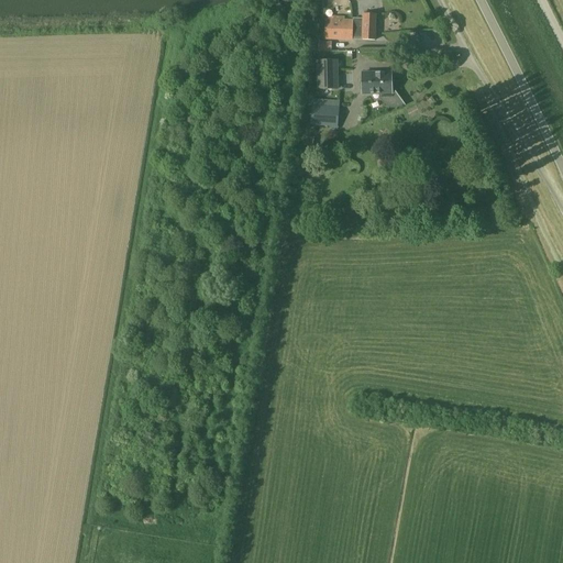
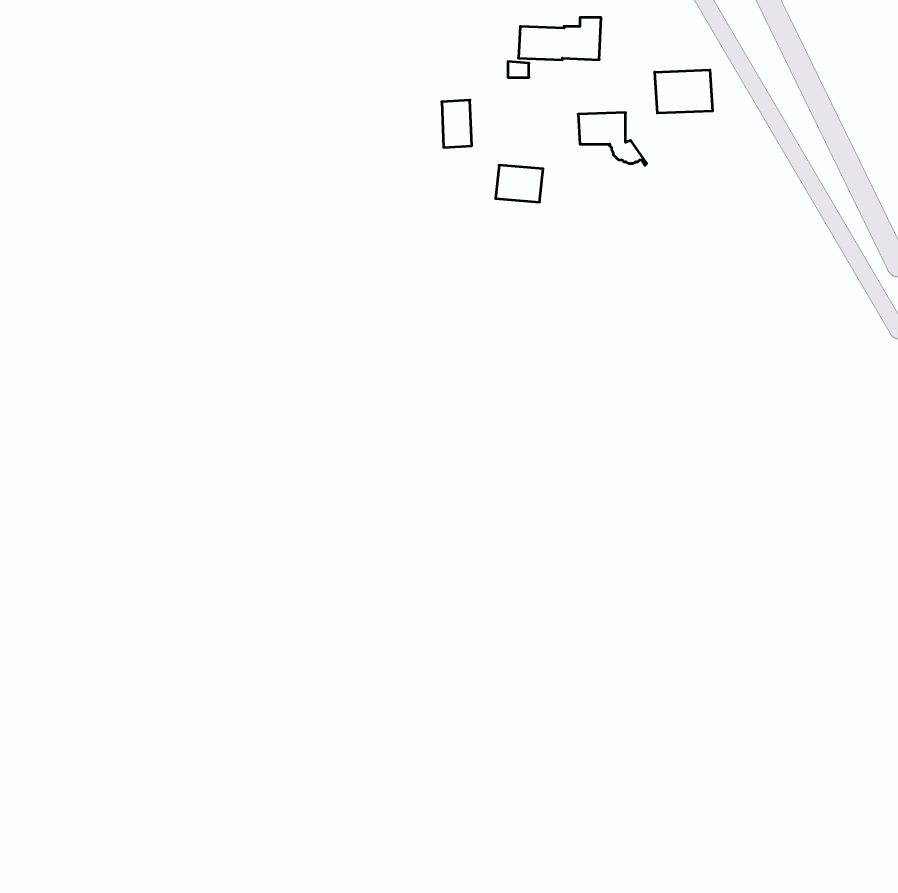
building: none -> [655,70,712,113]
building: [318,58,336,88] -> [442,100,472,147]

